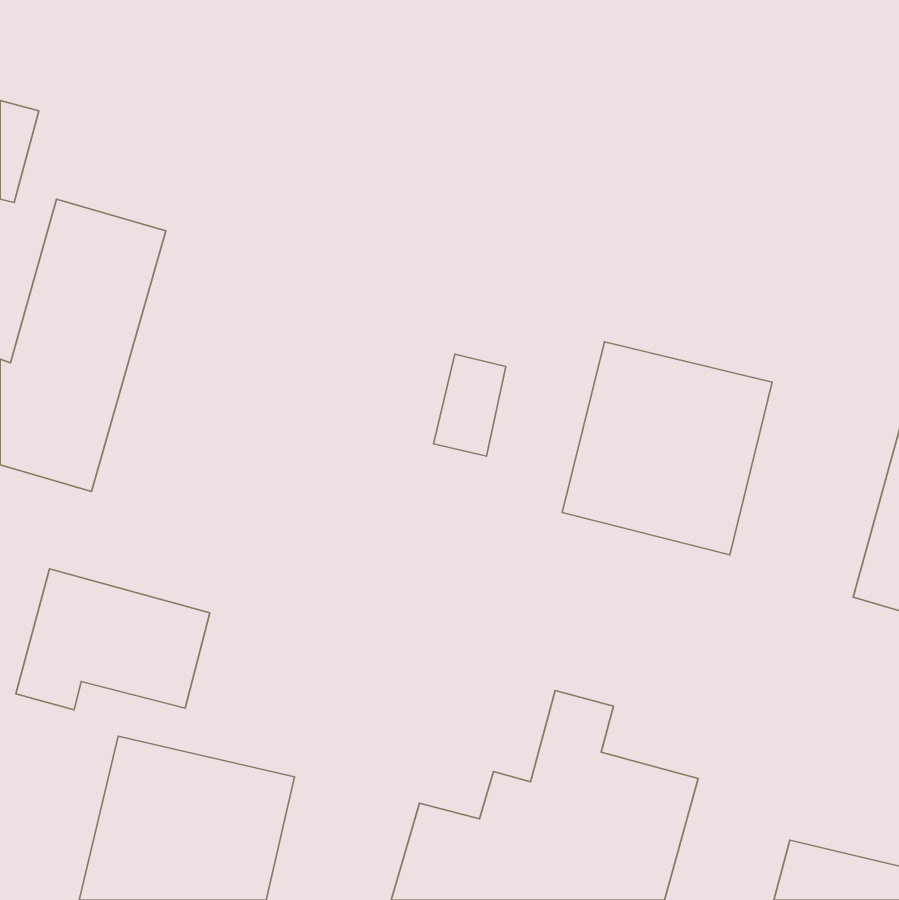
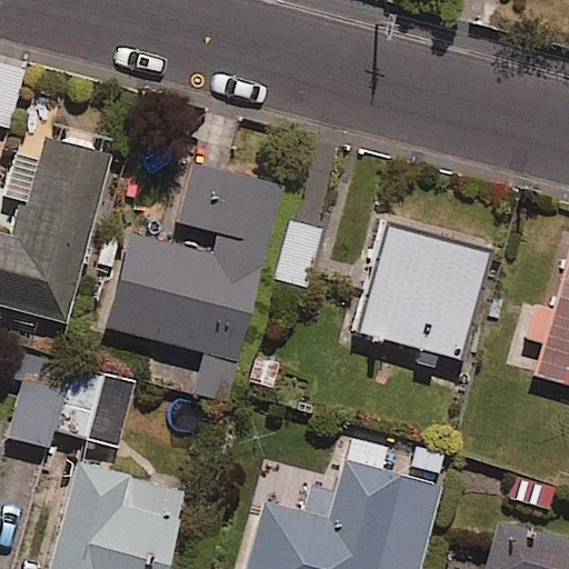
building: none -> [110,166,283,402]

